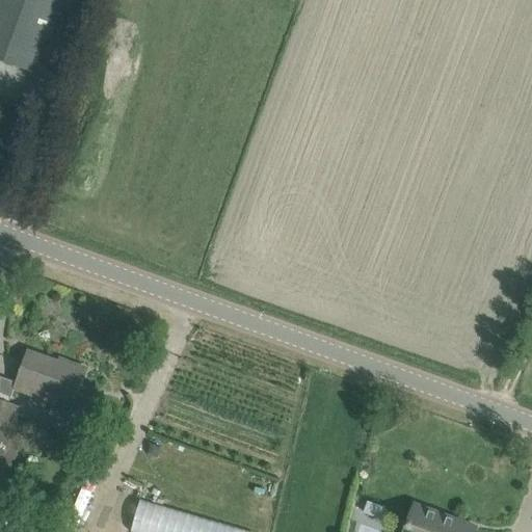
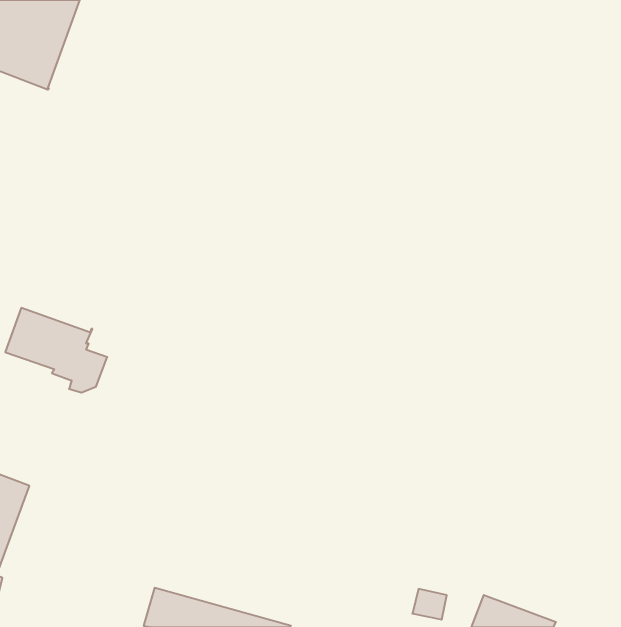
building: [8,351,95,423] -> [5,308,107,393]

